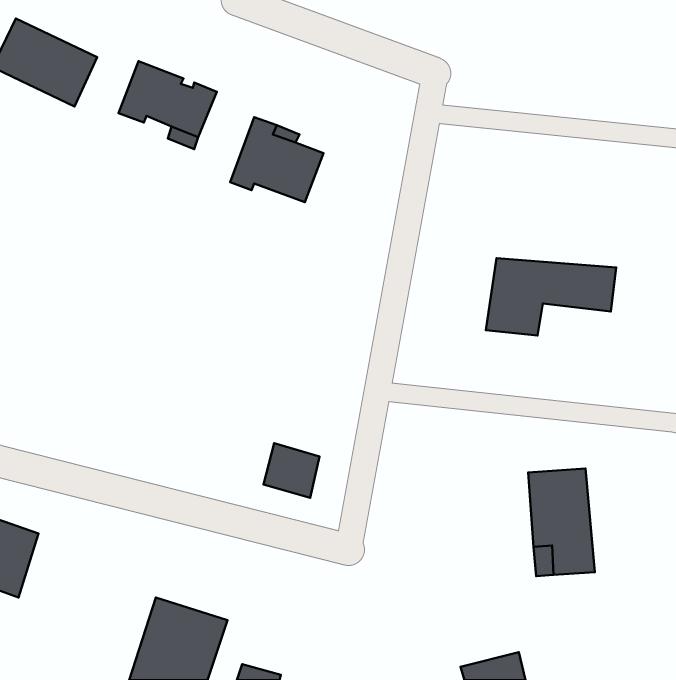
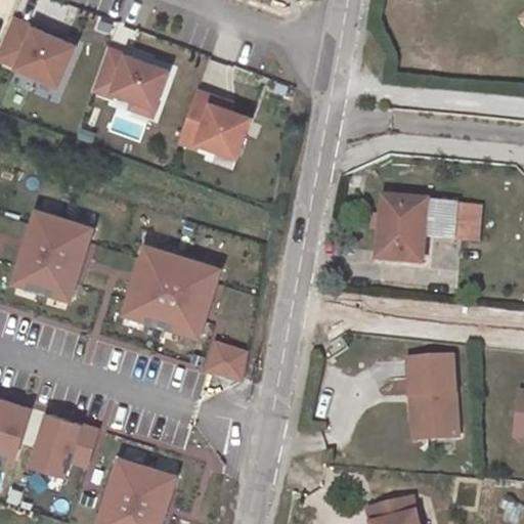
building: none -> [14,212,92,300]
building: none -> [125,248,219,337]
building: none -> [32,416,97,476]

